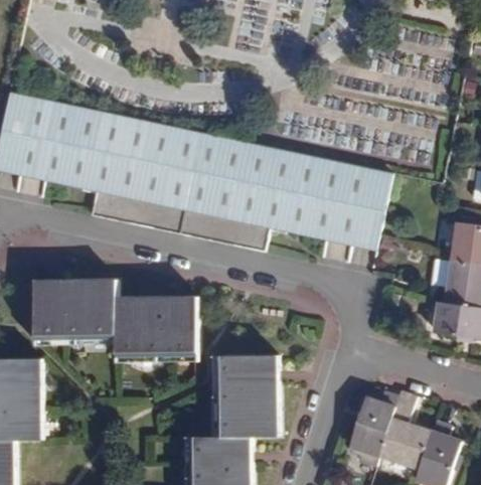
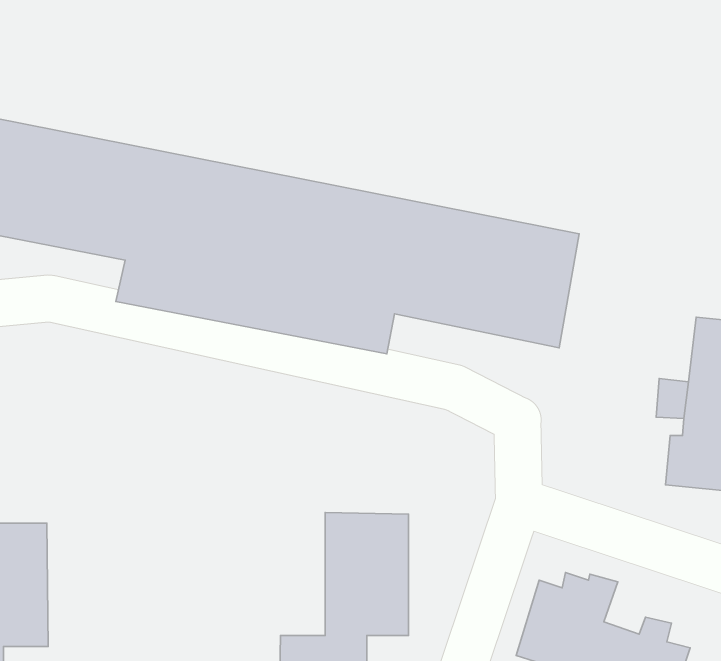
building: [31,274,197,353] -> none

